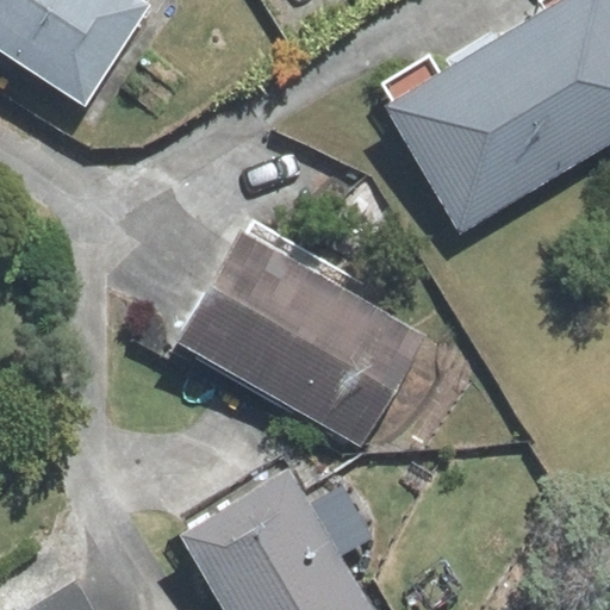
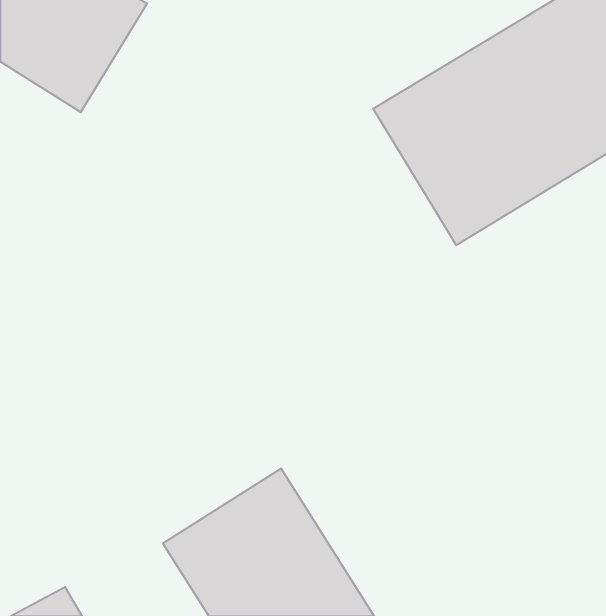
building: [174,229,431,449] -> none

